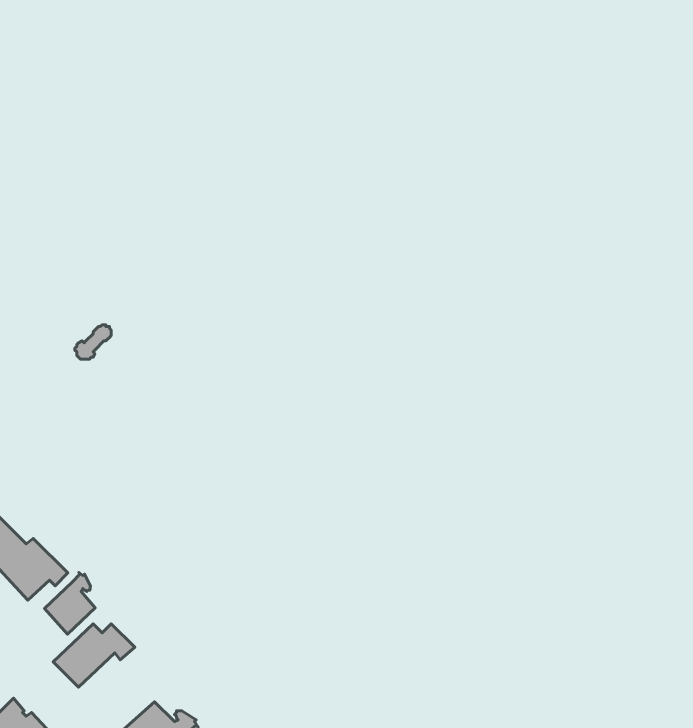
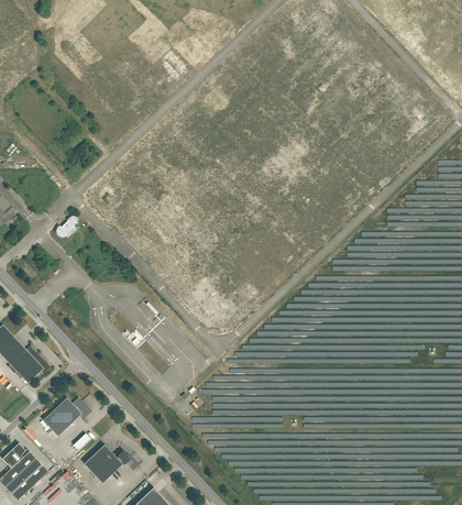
building: [45,572,95,634] -> none

